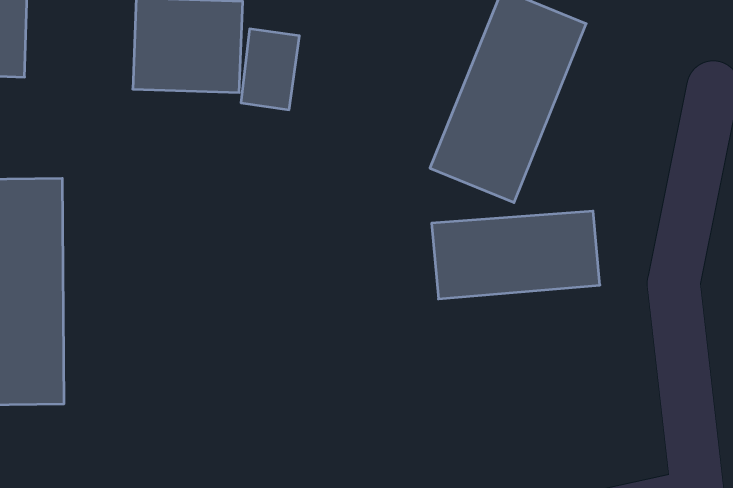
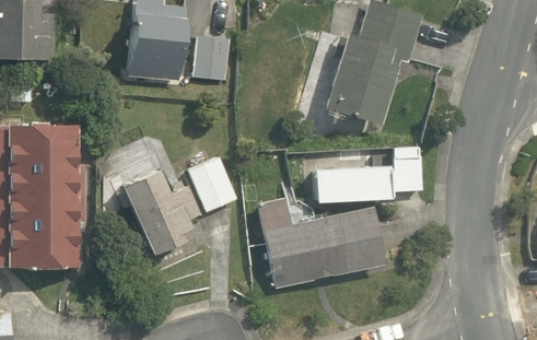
building: none -> [186,152,242,213]
building: none -> [125,163,207,256]
building: none -> [257,196,395,291]

